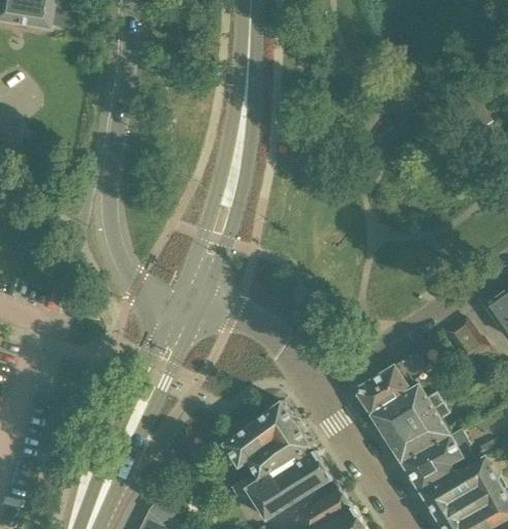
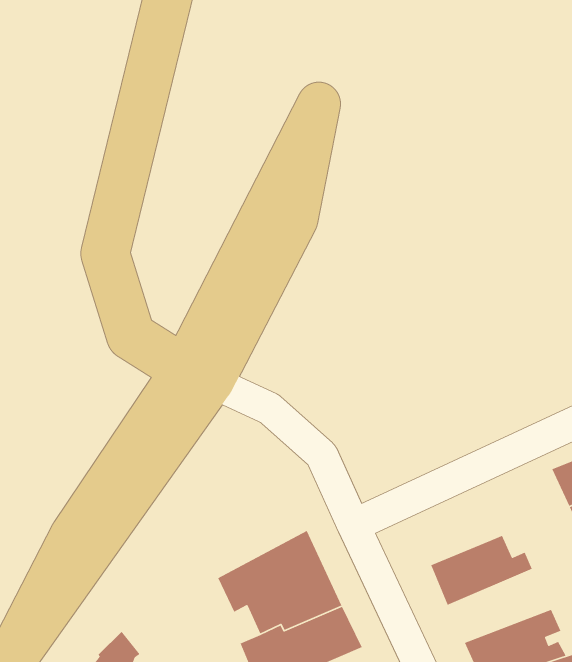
building: [359,353,423,413] -> none
building: [387,405,461,464] -> none

